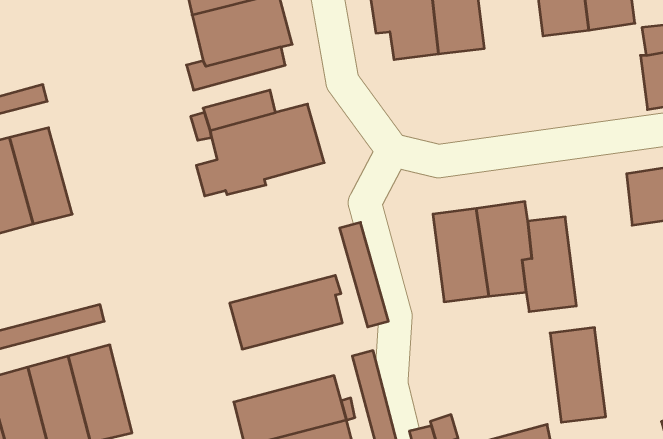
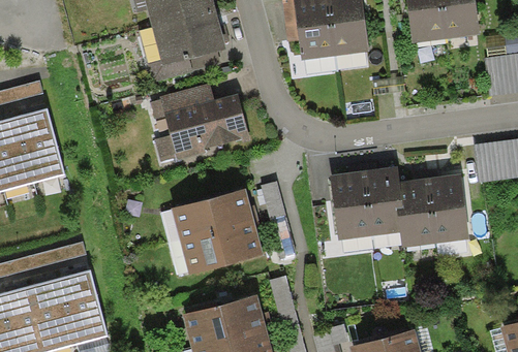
building: none -> [171,188,257,241]
building: [550,328,606,422] -> [428,172,469,243]

